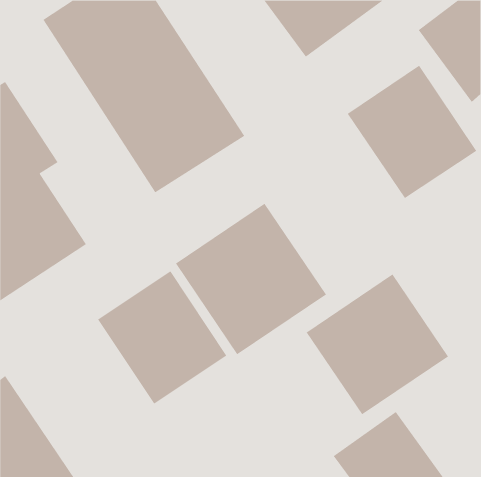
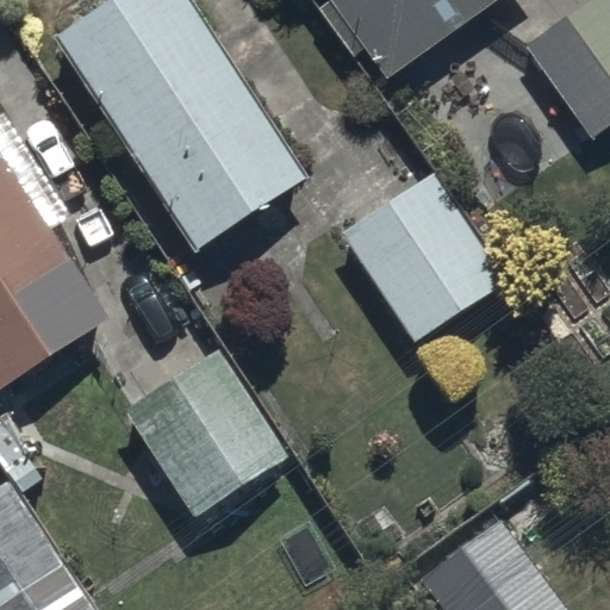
building: [347,65,477,199] -> [340,172,504,341]
building: [175,203,327,355] -> none
building: [306,274,449,415] -> none

